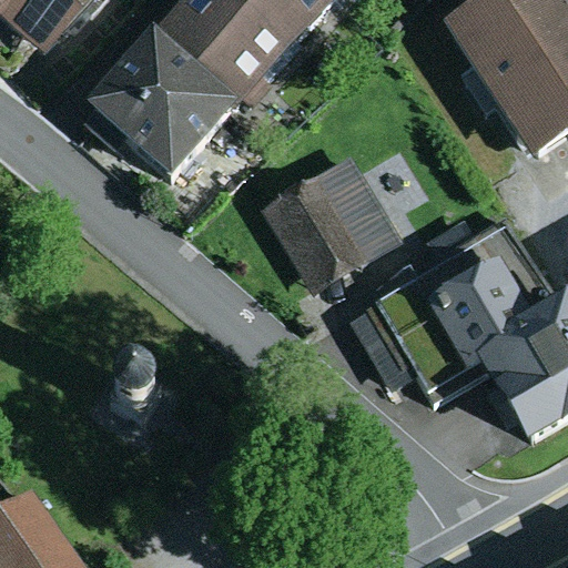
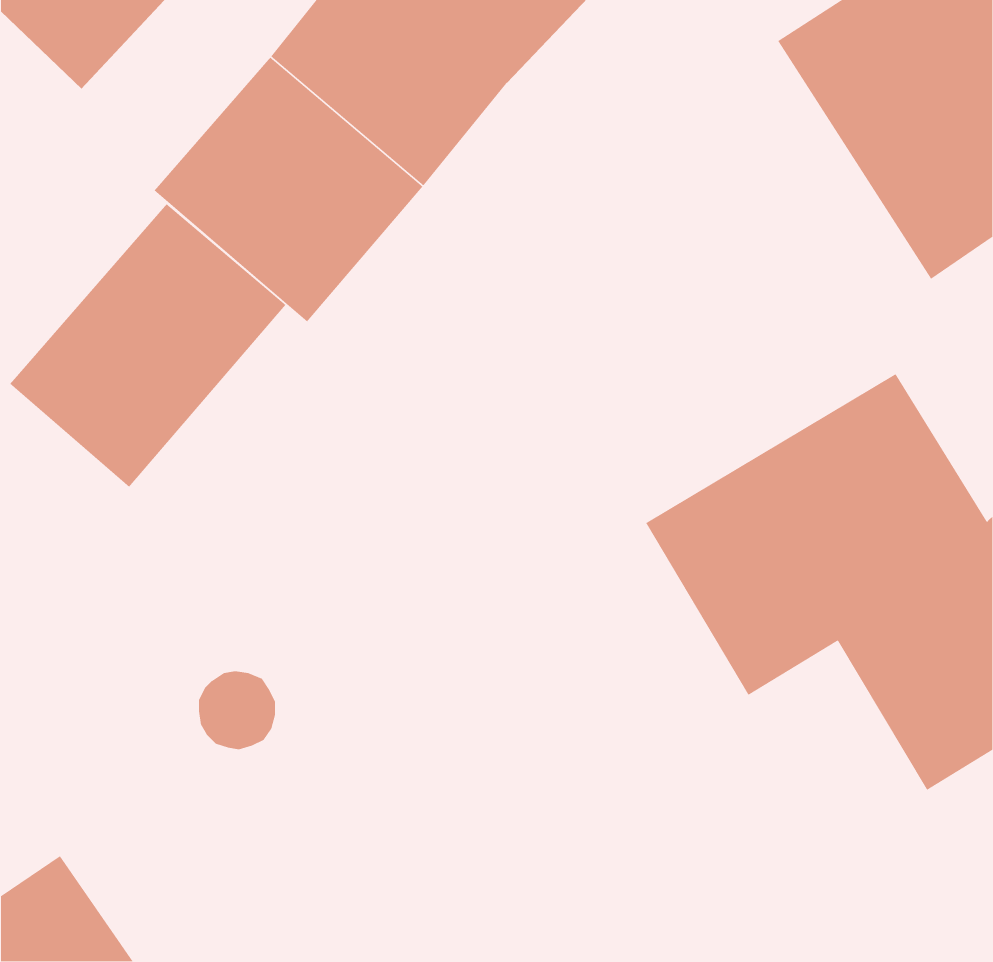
building: none -> [9,203,286,488]
building: [262,149,404,288] -> none

